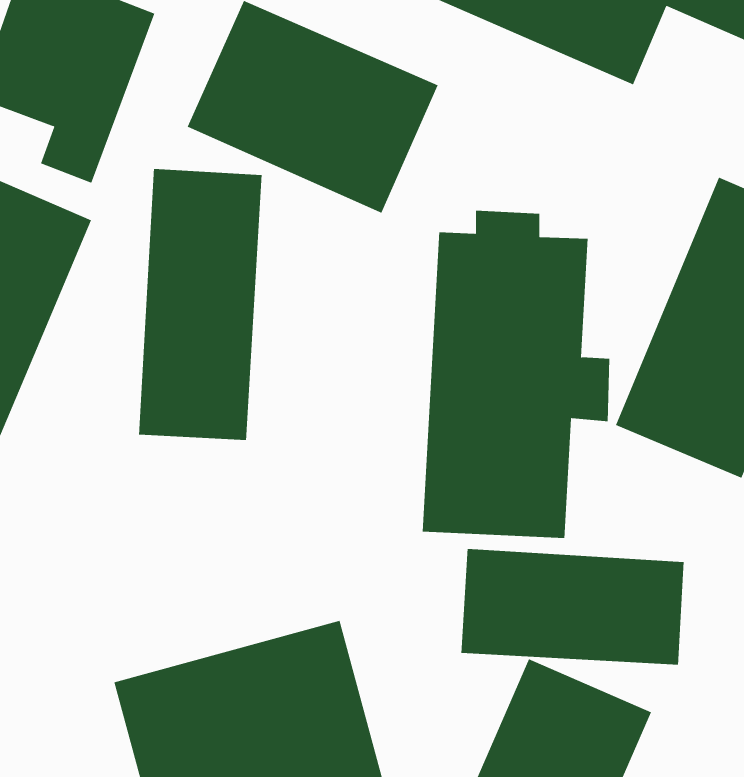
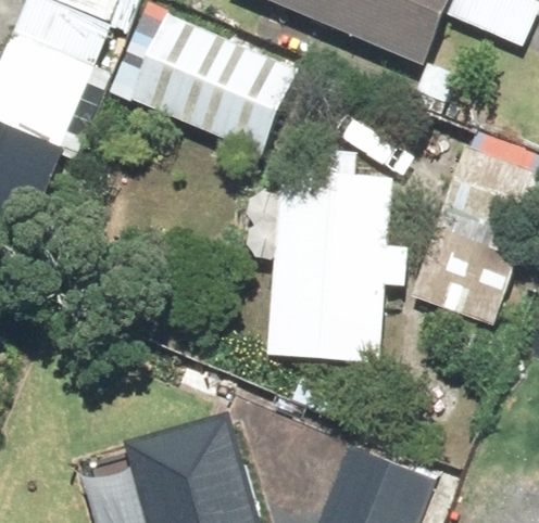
building: [139,168,262,441] -> none
building: [461,548,684,666] -> none

